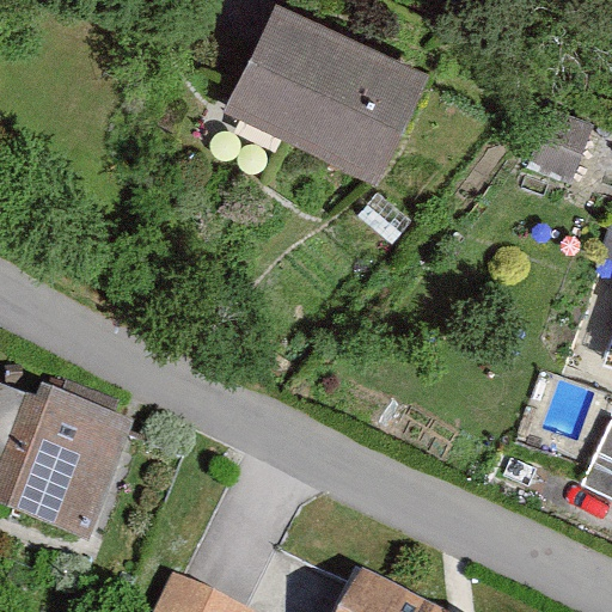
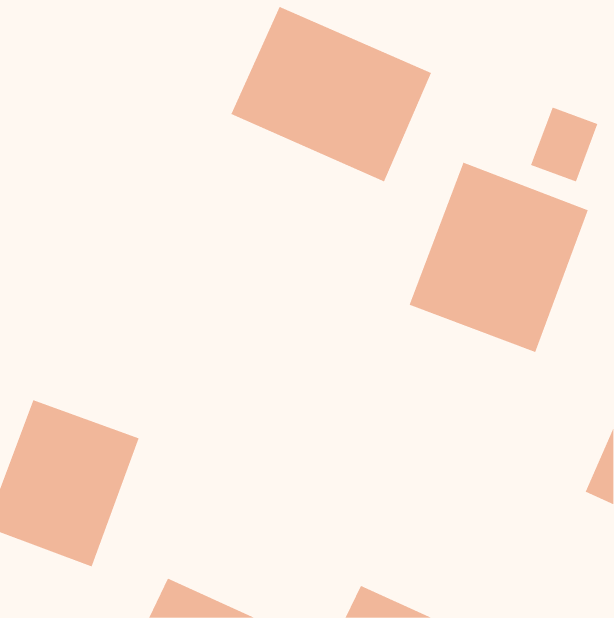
building: none -> [409,162,588,353]

